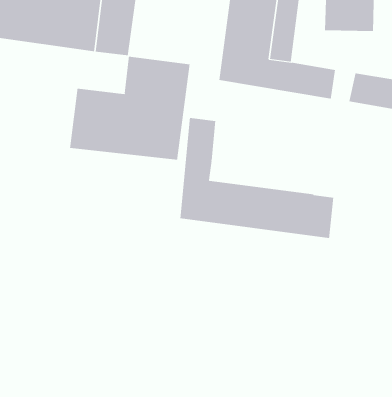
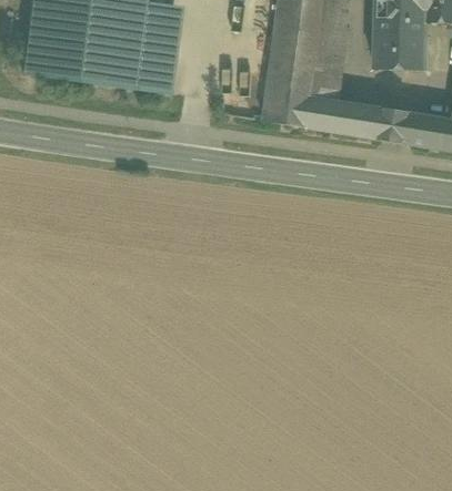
building: [70,56,190,161] -> none
building: none -> [381,108,405,141]
building: [180,117,334,239] -> none

